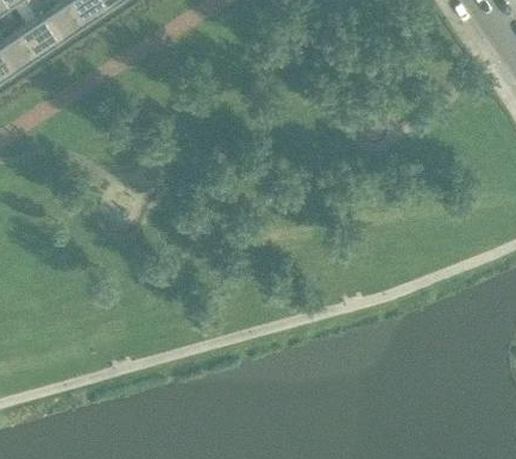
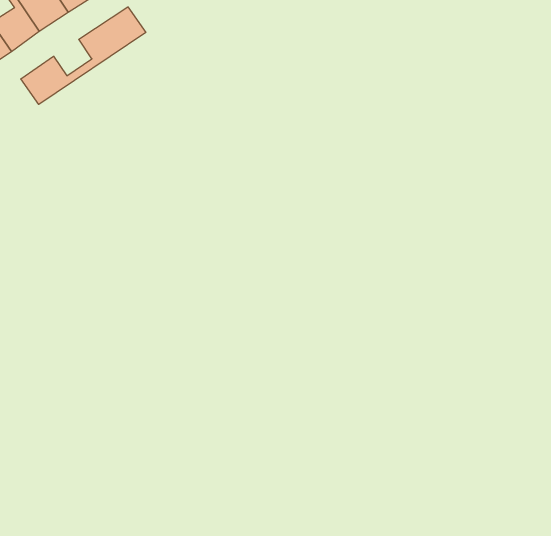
building: none -> [21,7,146,104]

